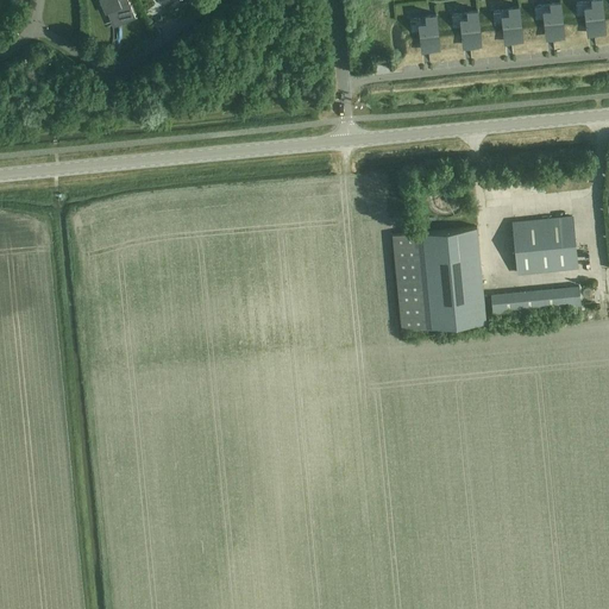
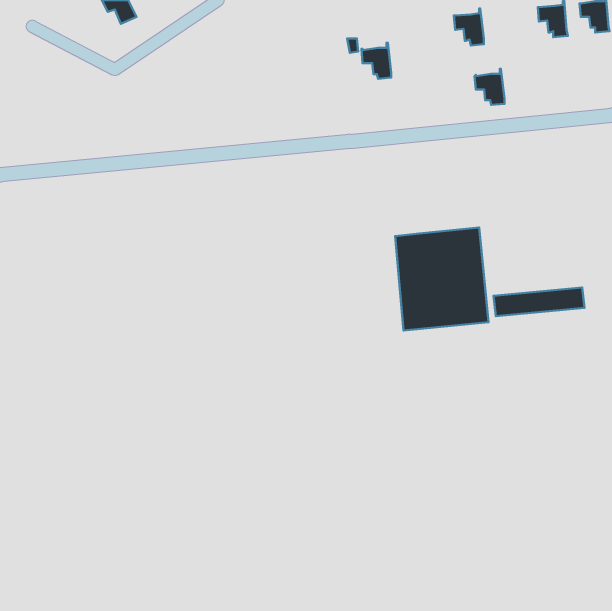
building: [492,6,522,42] -> [475,69,504,105]
building: [409,14,439,50] -> [361,43,391,79]
building: [513,218,577,274] -> none

